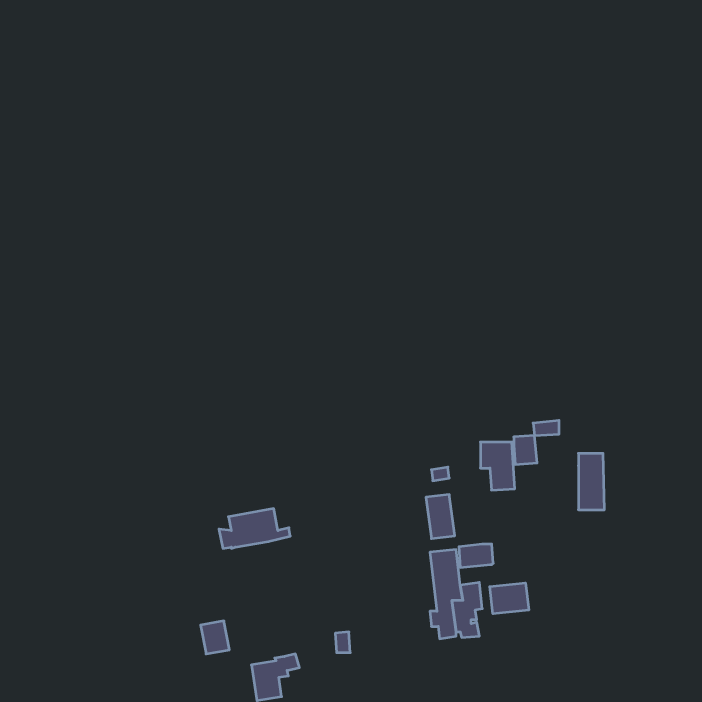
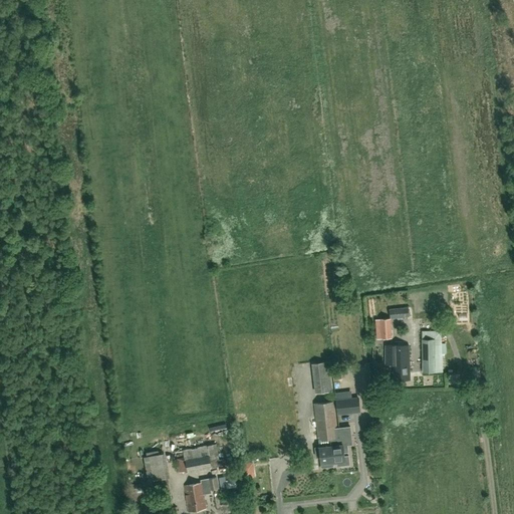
building: [480,442,515,490] -> [386,345,411,380]
building: [219,509,290,548] -> [176,444,228,473]
building: [490,583,529,614] -> none

